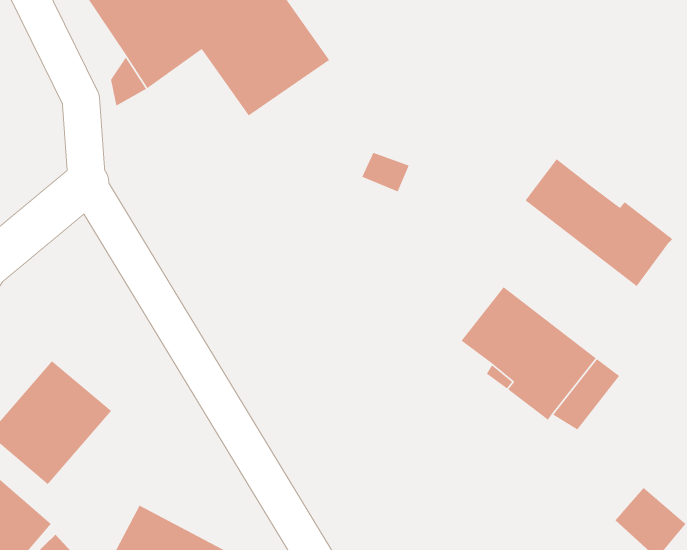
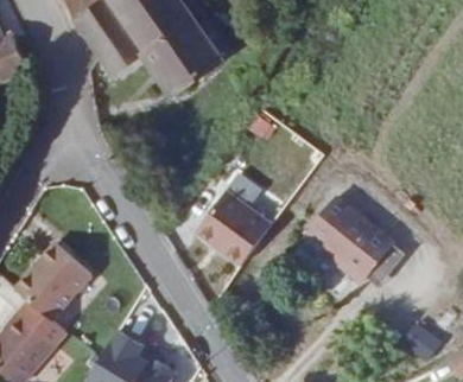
building: [525,158,673,287] -> none
building: none -> [192,171,274,268]

